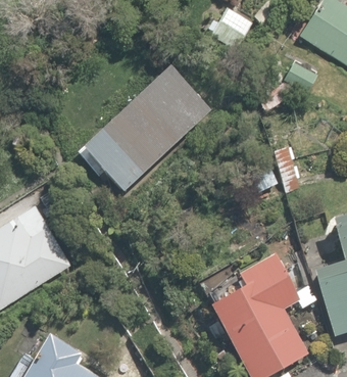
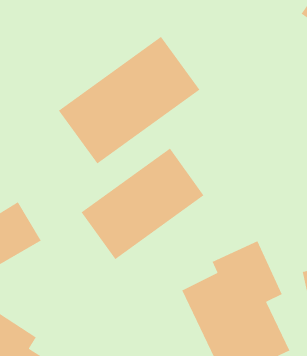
building: none -> [81,148,204,260]

